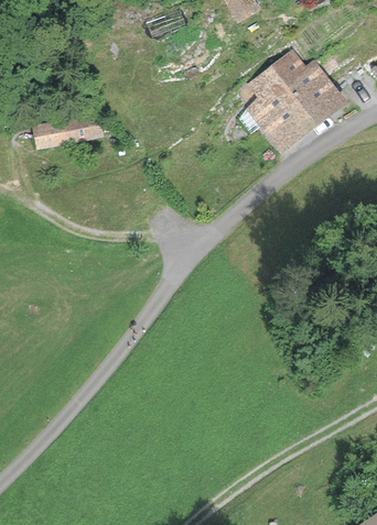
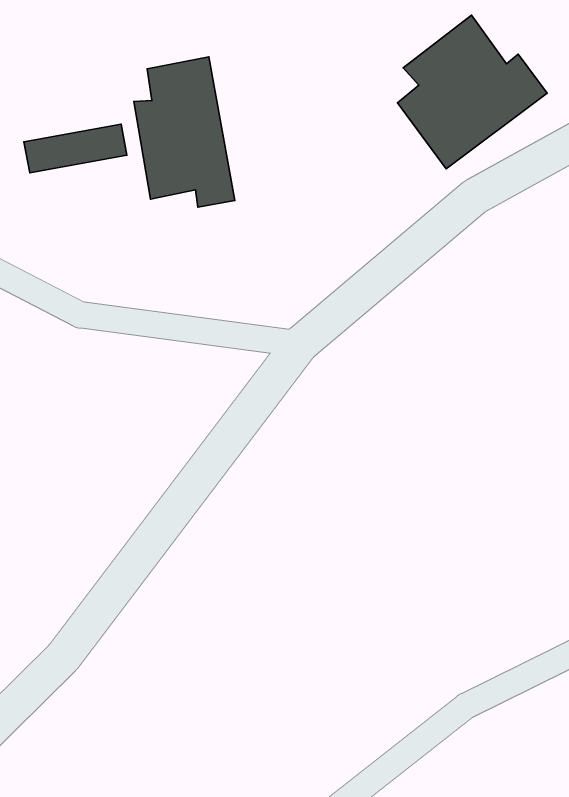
building: none -> [134,57,235,207]

